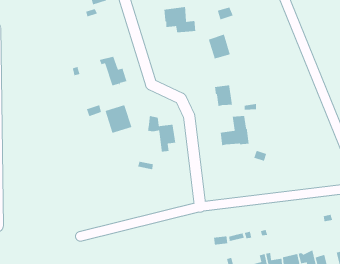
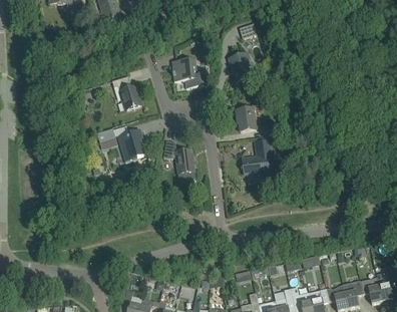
building: [164,6,196,33] -> [171,57,207,86]

